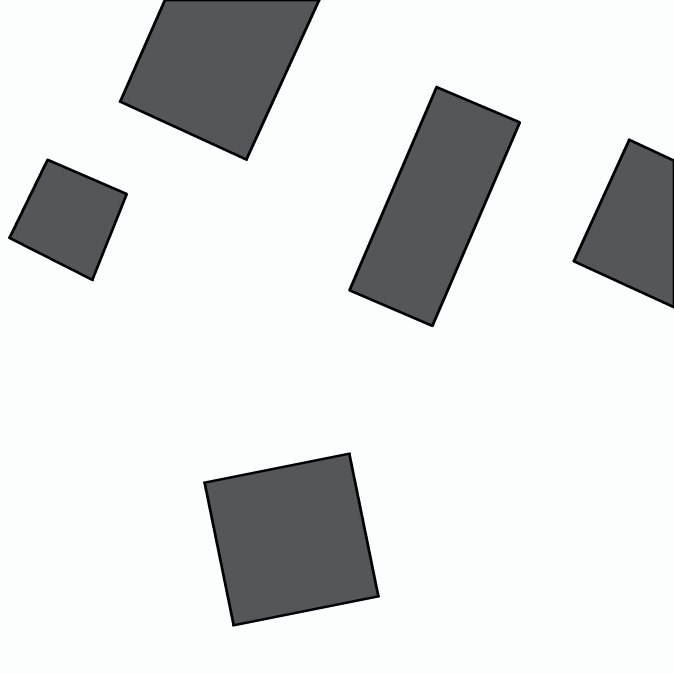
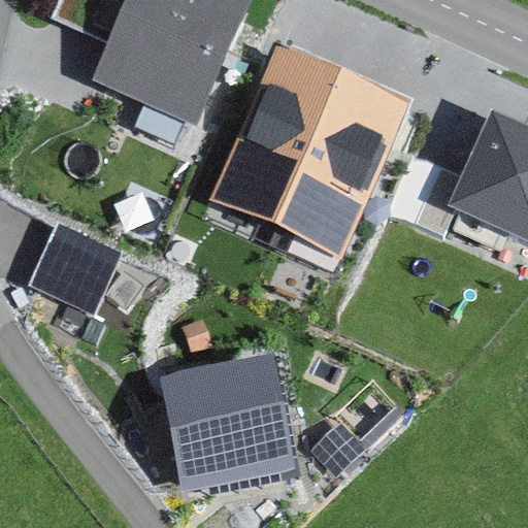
building: none -> [210,41,341,227]
building: [9,160,127,280] -> [30,224,122,318]

